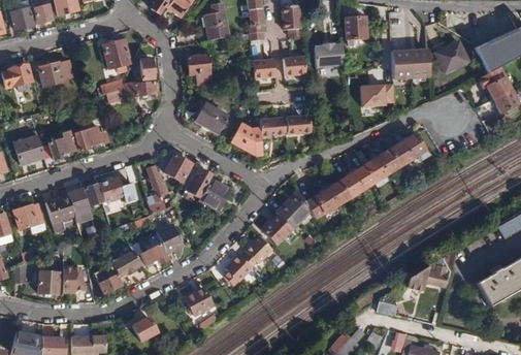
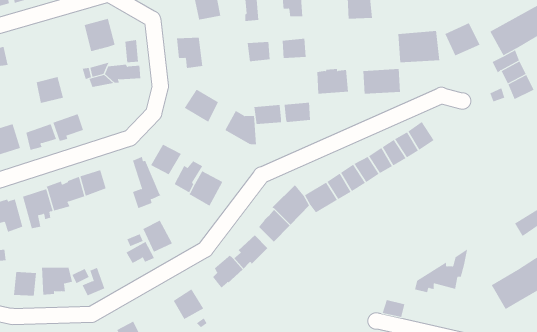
building: [316,42,346,66] -> [316,68,349,94]
building: [39,61,65,86] -> [36,77,64,104]
building: [113,249,142,276] -> none

